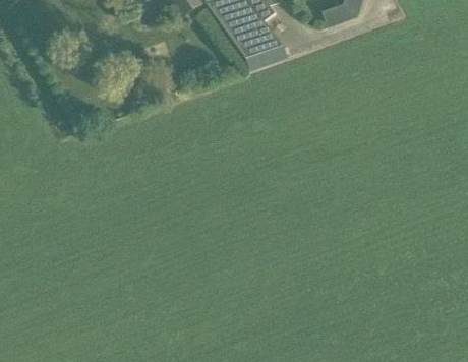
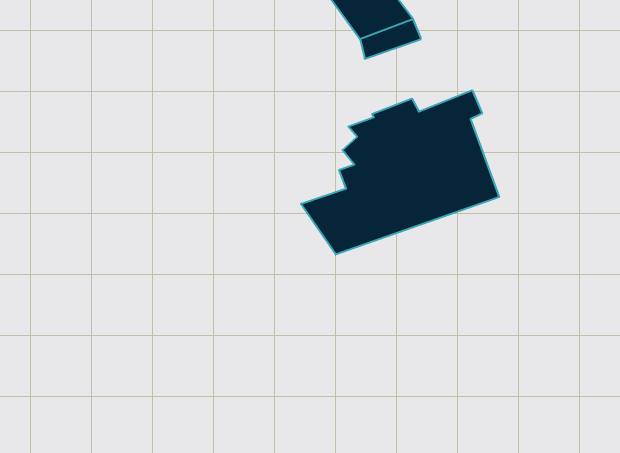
building: none -> [301,90,499,255]

